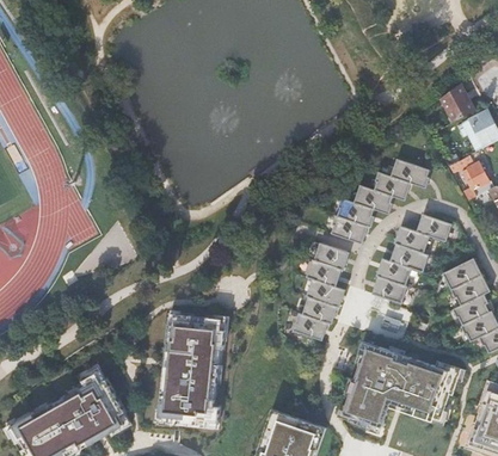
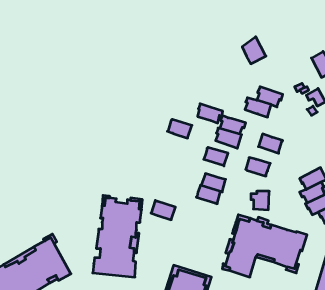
building: [438,84,472,122] -> [242,37,266,64]
building: [356,186,392,214] -> [198,104,223,123]
building: [412,214,447,240] -> none
building: [389,244,424,271] -> none
building: [443,258,481,289] -> none
building: [308,261,343,288] -> [167,120,192,138]
building: [370,277,405,303] -> none
building: [296,314,331,341] -> [151,200,175,220]

